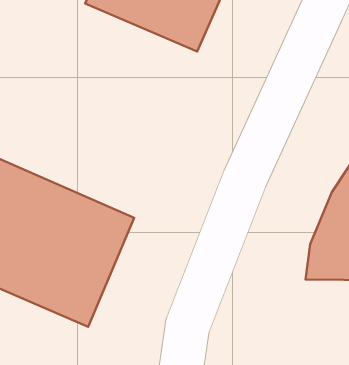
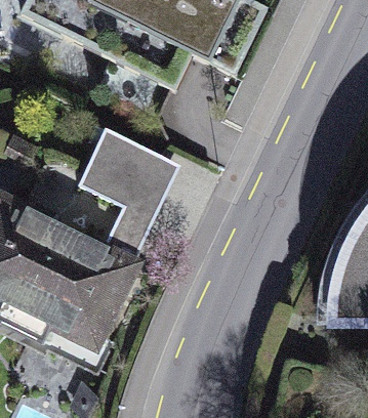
building: none -> [78,129,176,250]

